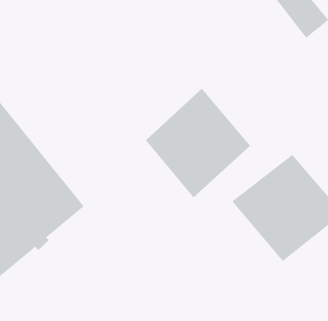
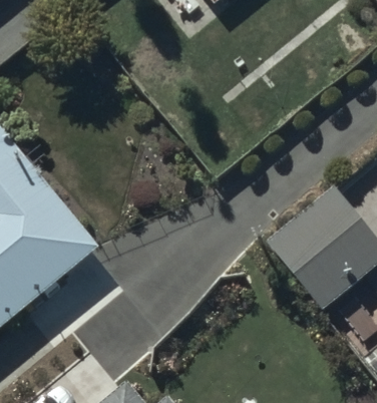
building: [145,88,251,198] -> none

